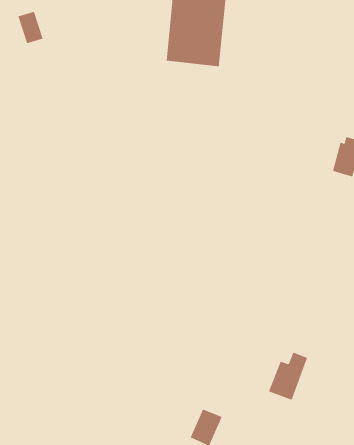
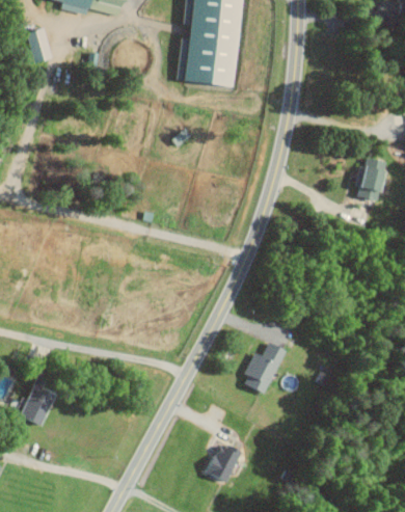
building: [268,352,308,401] -> [242,342,284,393]
building: none -> [21,395,50,424]

